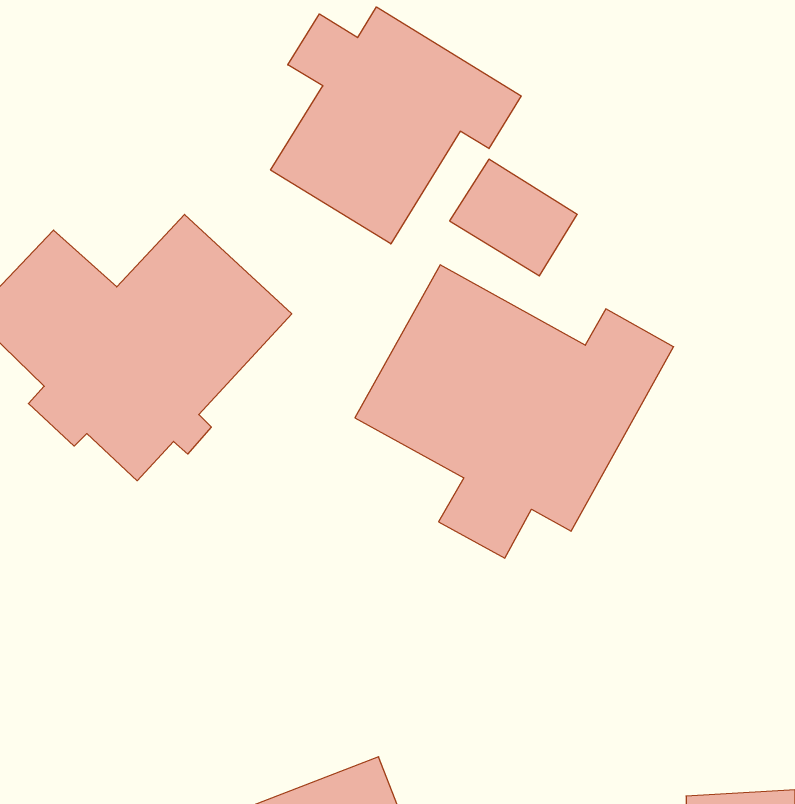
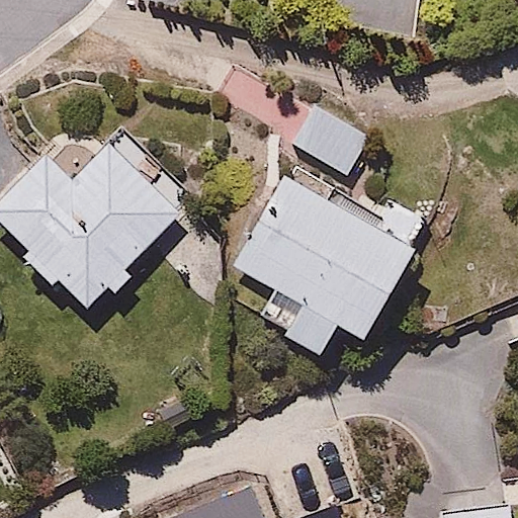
building: [271,7,521,244] -> none

